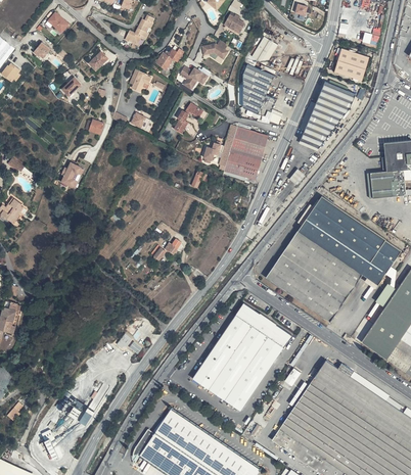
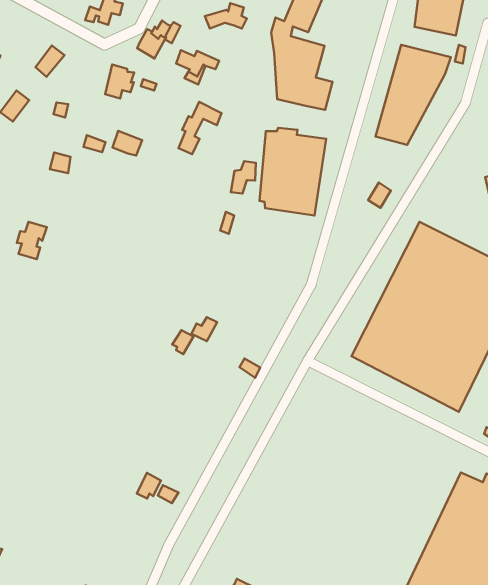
building: [193,303,292,412] -> none

